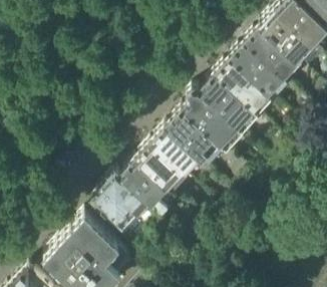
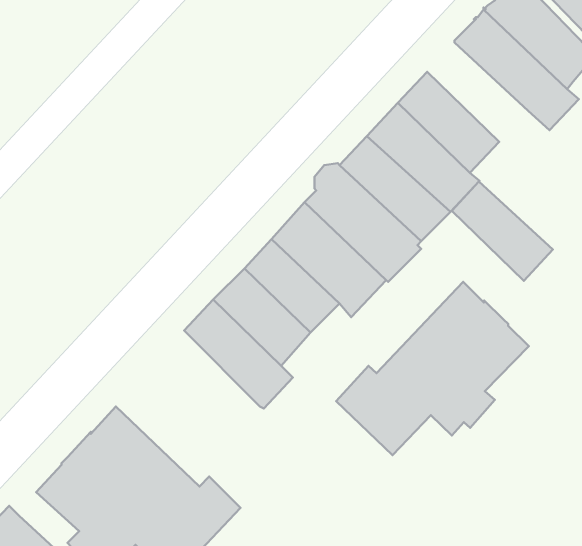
building: [245,27,297,78] -> [452,182,553,281]
building: none -> [336,282,529,455]
building: [90,172,158,247] -> none

